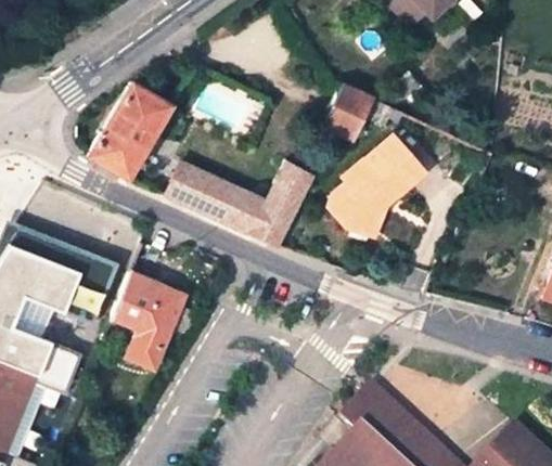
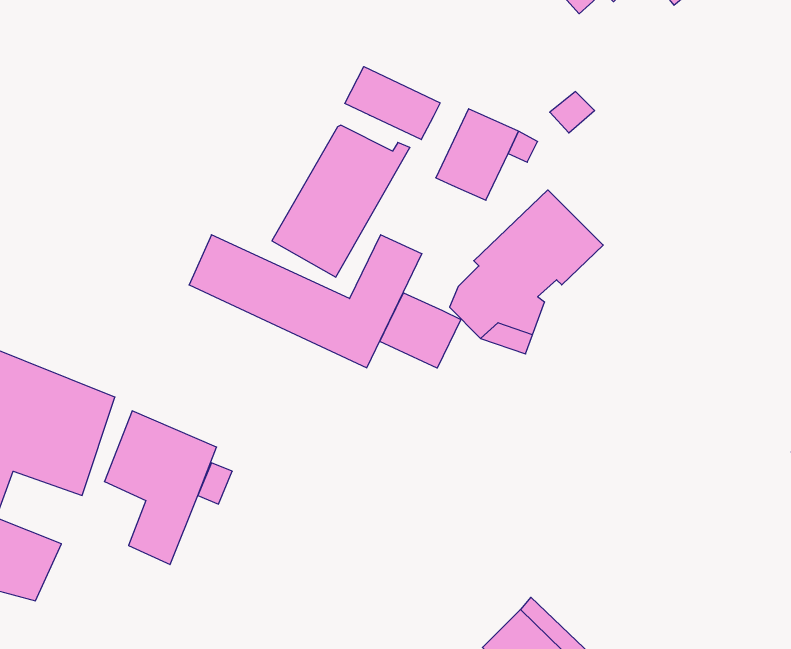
building: none -> [345,67,440,140]
building: [87,83,174,179] -> [272,125,410,277]
building: none -> [380,293,461,368]

